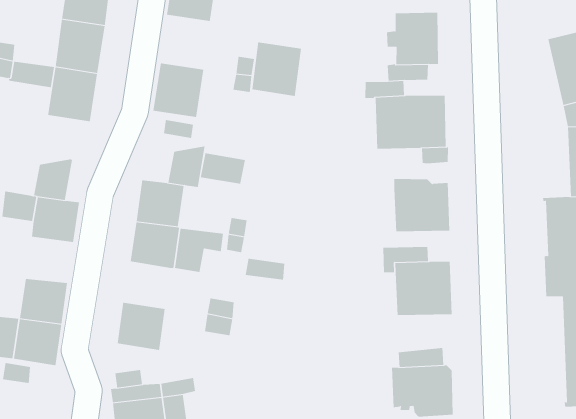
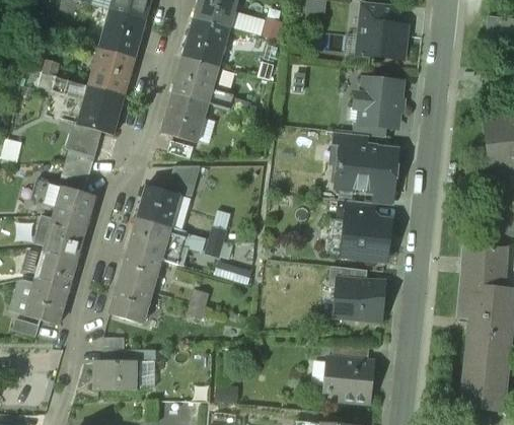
building: [251,42,302,96] -> [173,56,218,103]
building: none -> [65,121,101,161]
building: [200,153,245,185] -> none
building: none -> [337,199,375,219]
building: none -> [43,218,85,259]
building: none -> [118,249,160,290]

